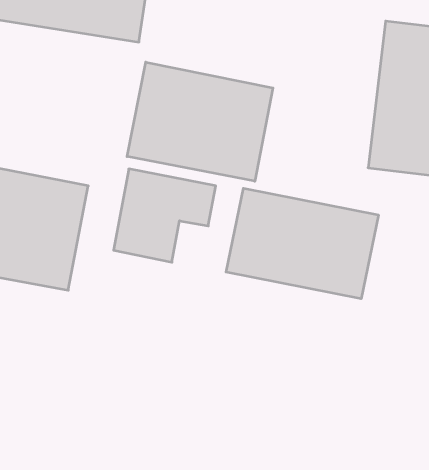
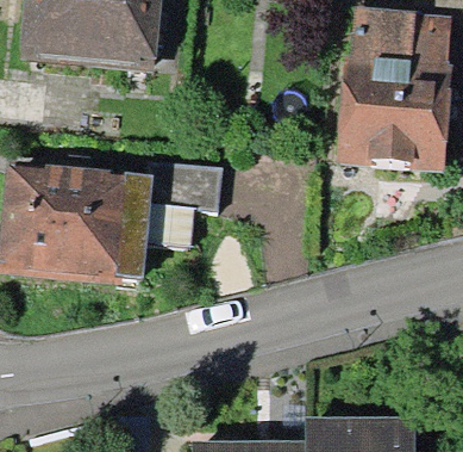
building: [127,62,273,181] -> none
building: [226,188,378,299] -> none

